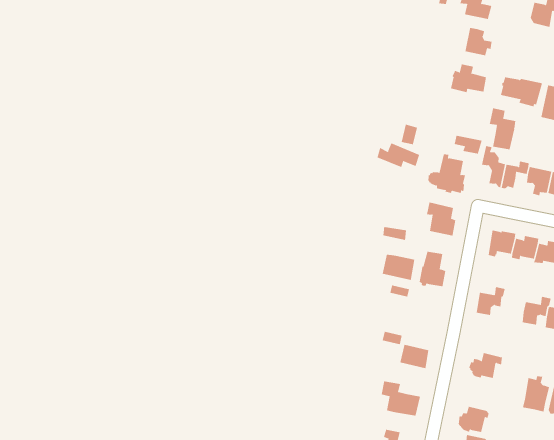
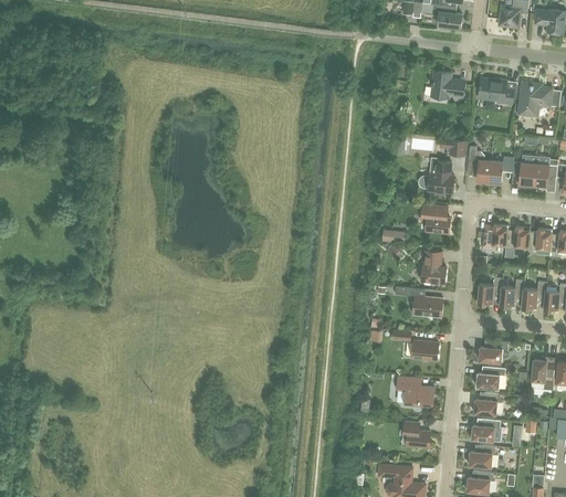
building: [465,27,492,56] -> none
building: [489,108,516,150] -> none
building: [377,142,420,168] -> none
building: [382,254,415,280] -> [412,295,442,317]
building: none -> [500,278,525,306]
building: none -> [474,366,505,389]

